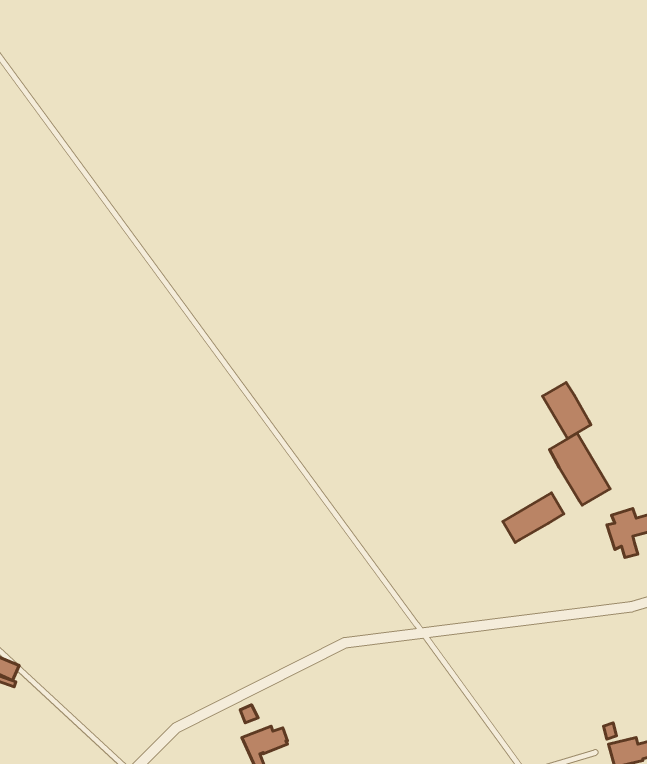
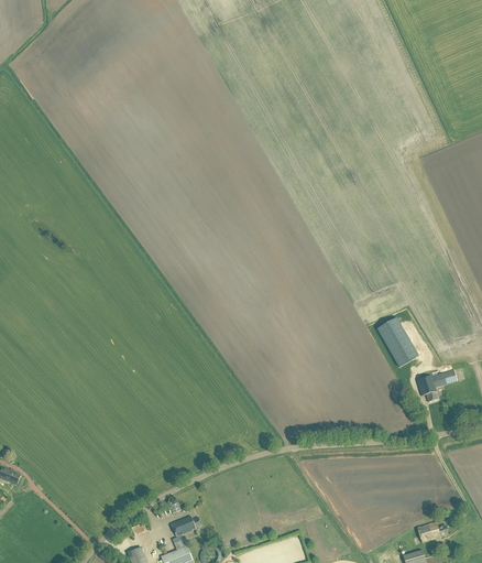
building: [543,382,591,439] -> none
building: [503,493,564,542] -> none

